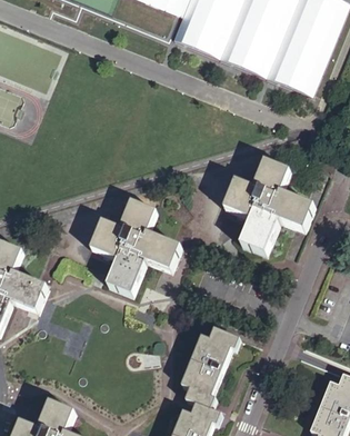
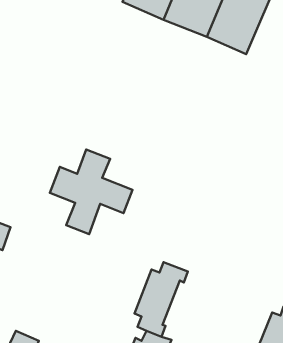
building: [222,158,313,254] -> none

